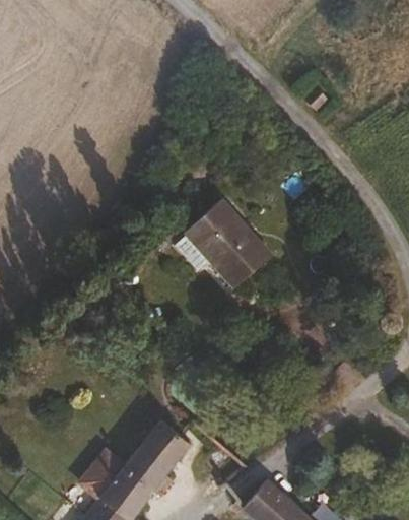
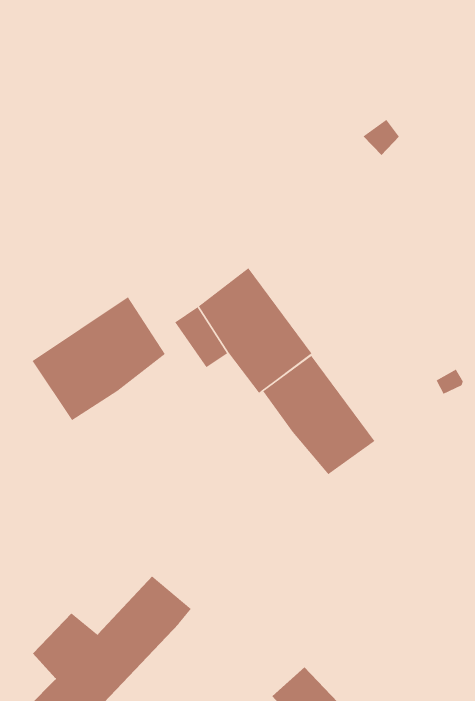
building: none -> [32,296,166,421]
building: none -> [262,355,376,475]

